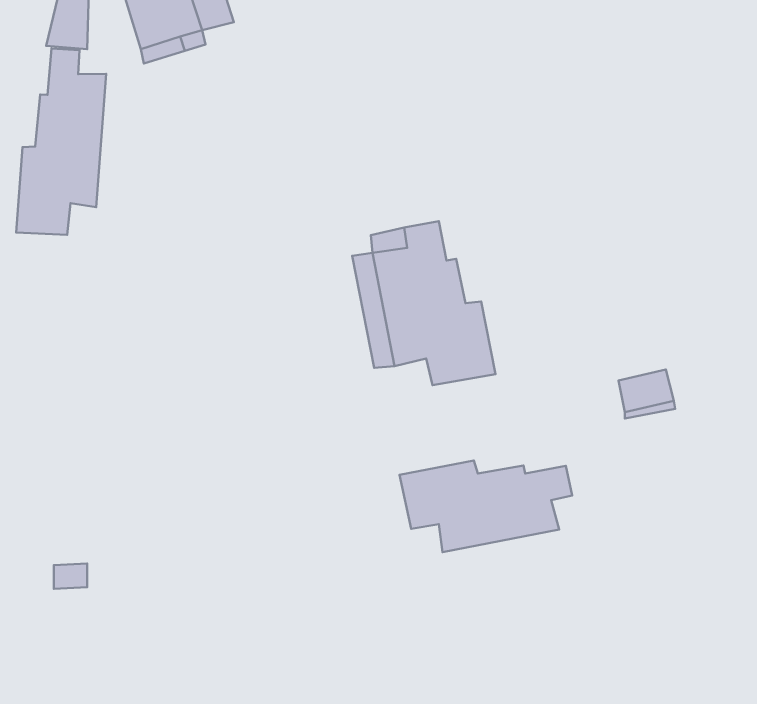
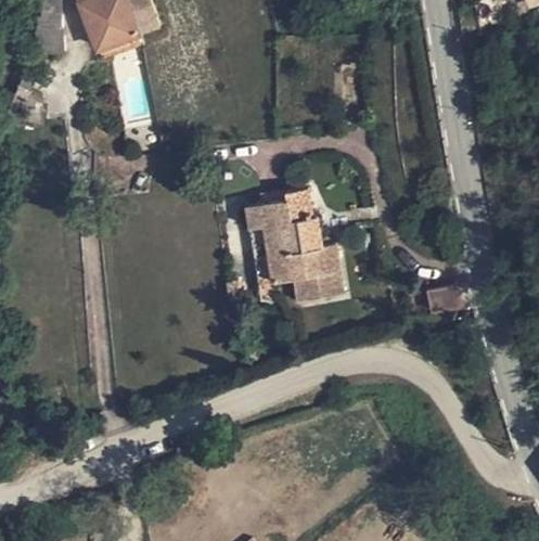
building: [16,49,106,235] -> none
building: [399,460,572,552] -> none

